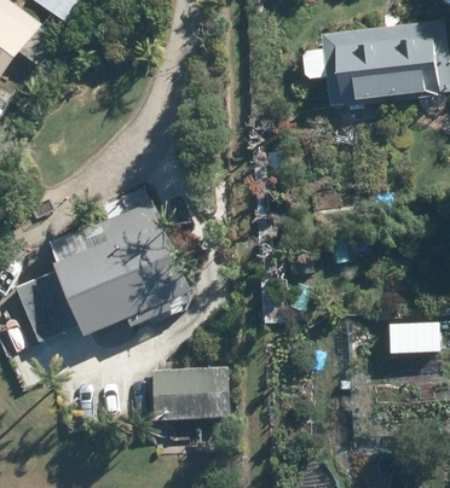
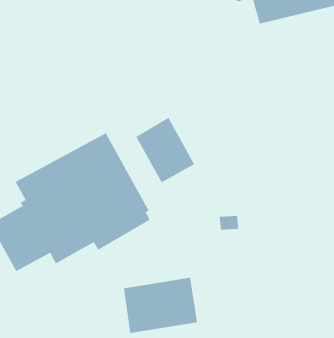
building: none -> [135,117,195,183]

